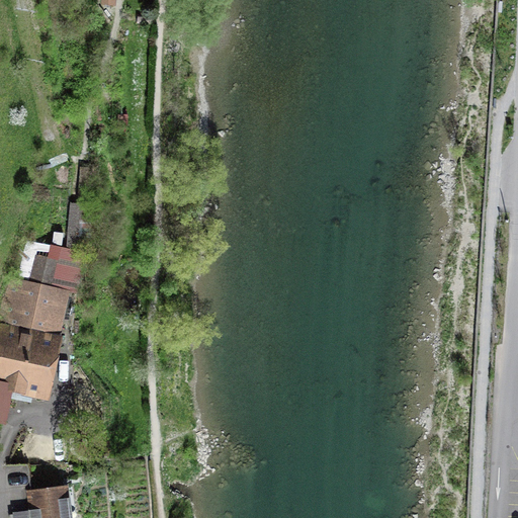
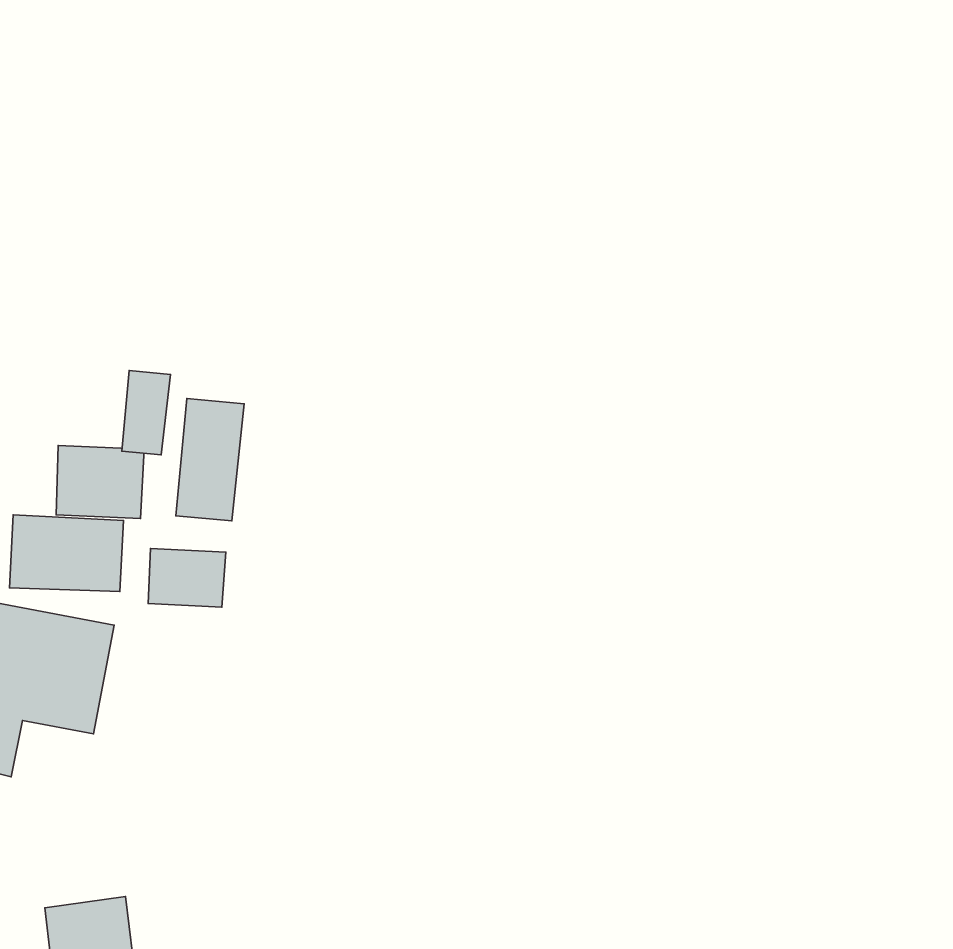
building: none -> [176,399,244,521]
building: none -> [148,548,226,607]

